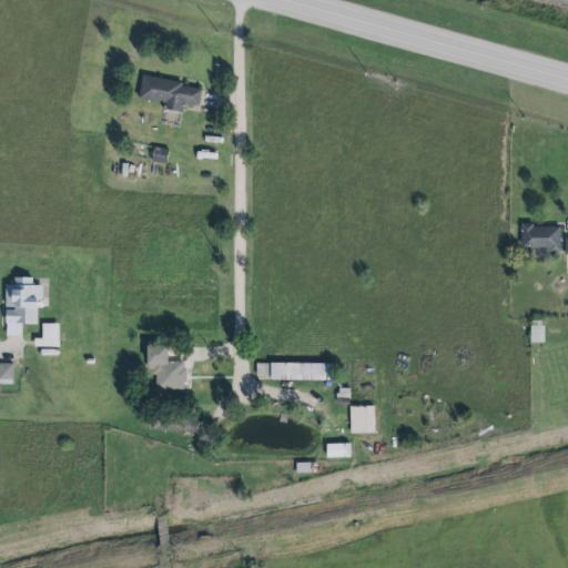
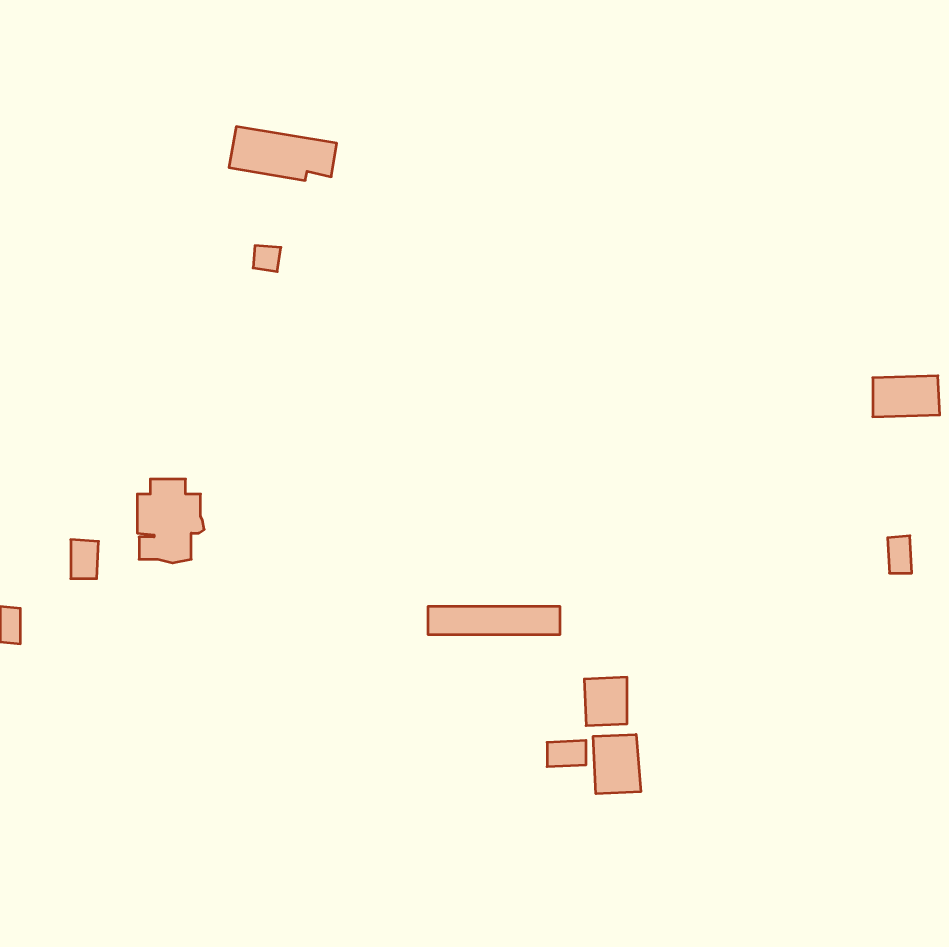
building: [7,276,47,326] -> [137,479,204,563]
building: [151,345,185,388] -> none
building: none -> [593,734,641,794]

